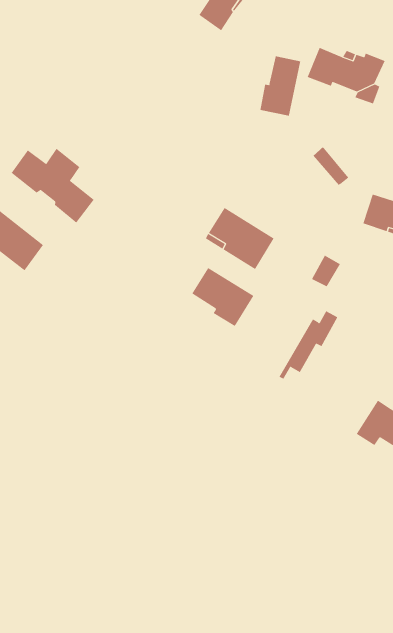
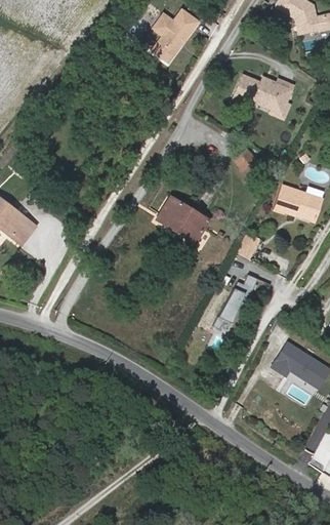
building: [260,55,301,117] -> none
building: [11,148,94,224] -> none
building: [192,267,254,327] -> none

